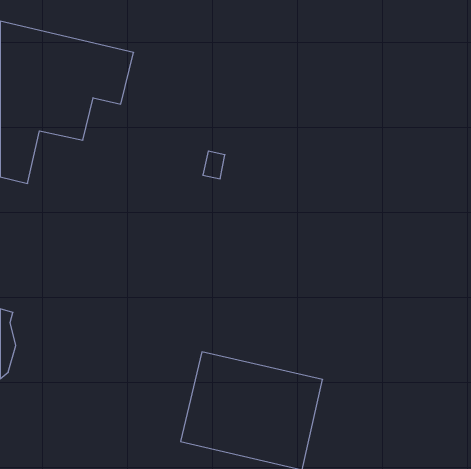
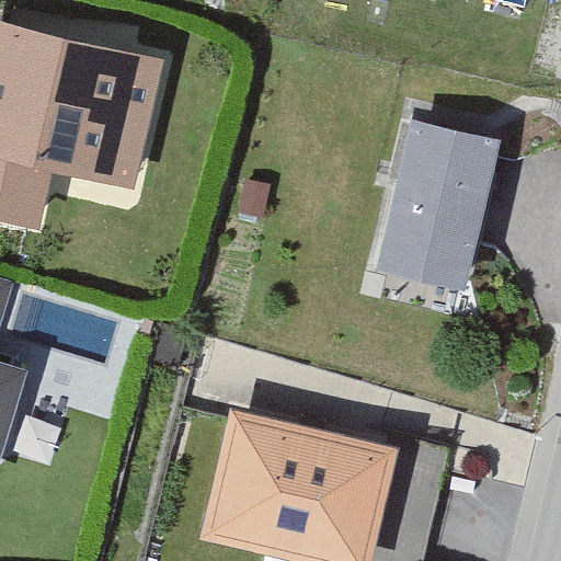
building: none -> [385,125,492,265]

